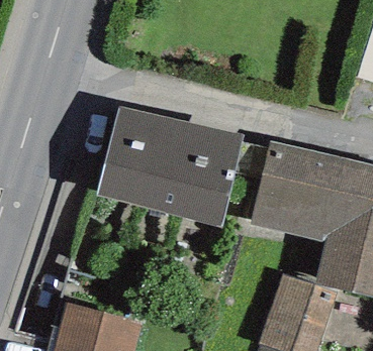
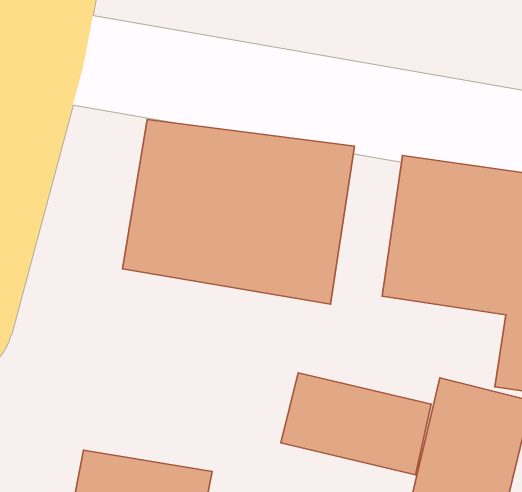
building: none -> [281,373,431,475]

